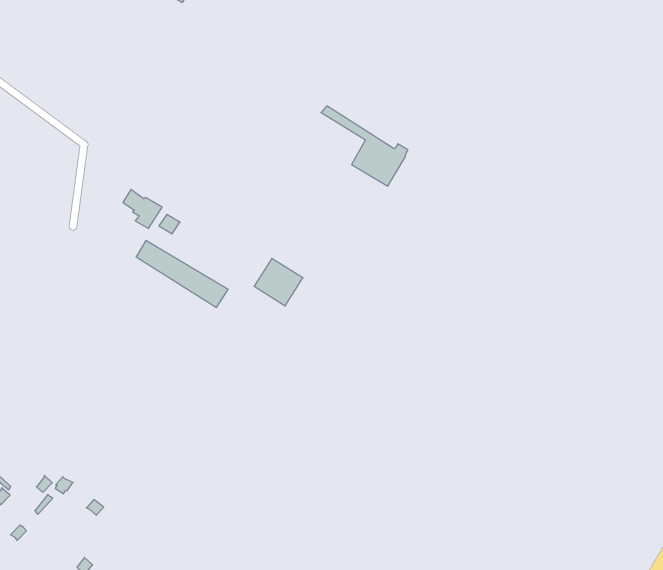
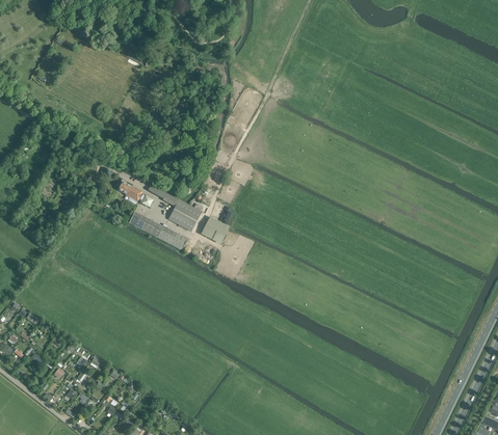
building: [321,106,408,186] -> [148,184,202,229]

